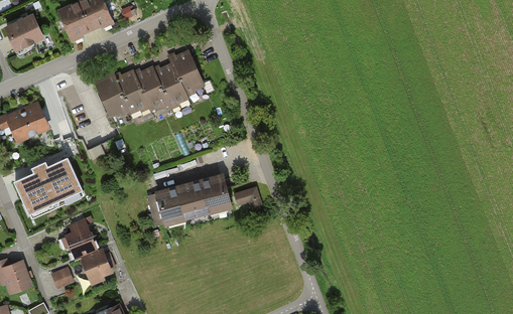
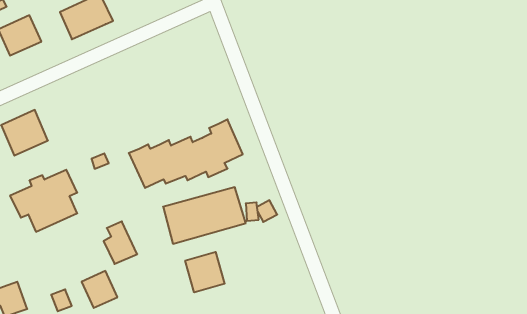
building: [96,52,202,116] -> [129,119,243,188]
building: [66,220,97,260] -> [104,221,137,264]
building: none -> [185,252,225,292]

